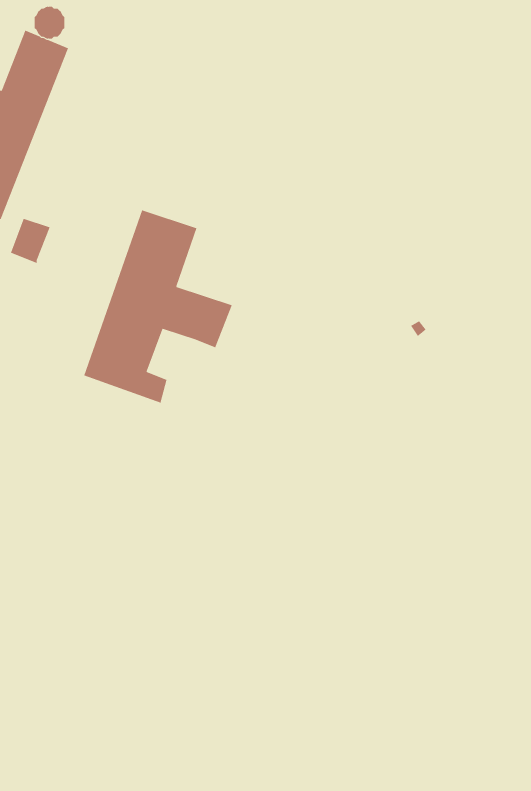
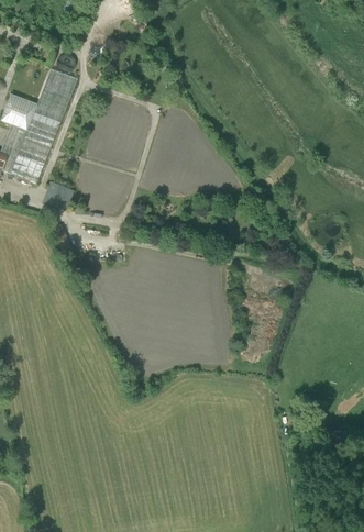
building: [83,209,232,404] -> none

